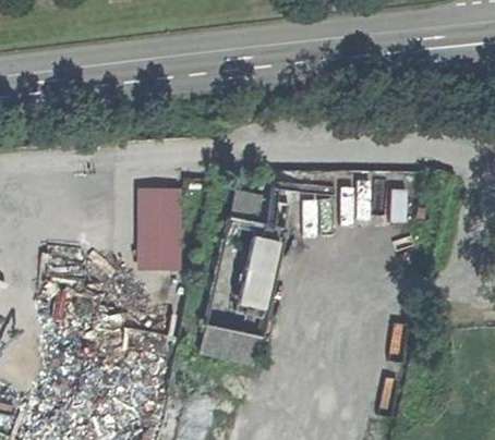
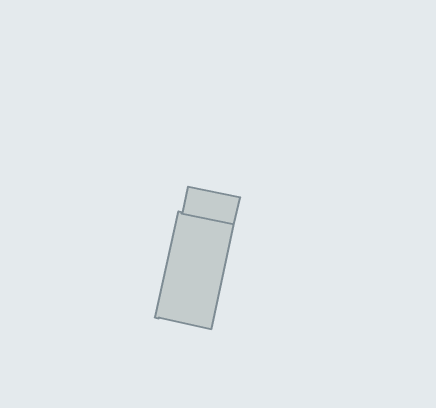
building: [140,188,179,279] -> none
building: [202,323,261,362] -> none

